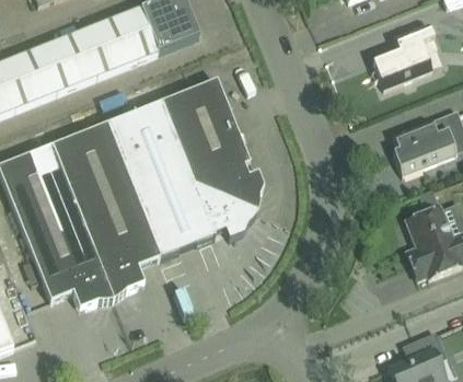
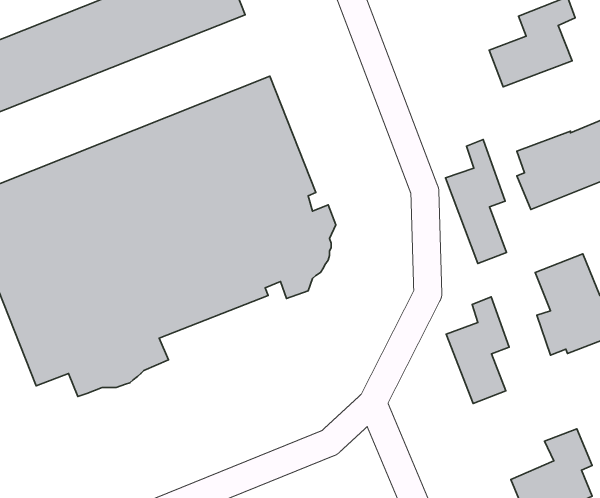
building: none -> [446,140,507,263]
building: none -> [446,297,509,404]

